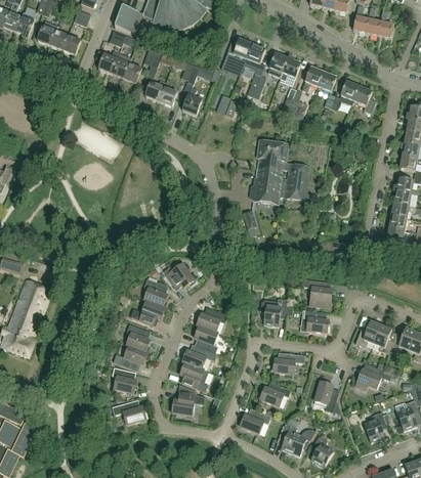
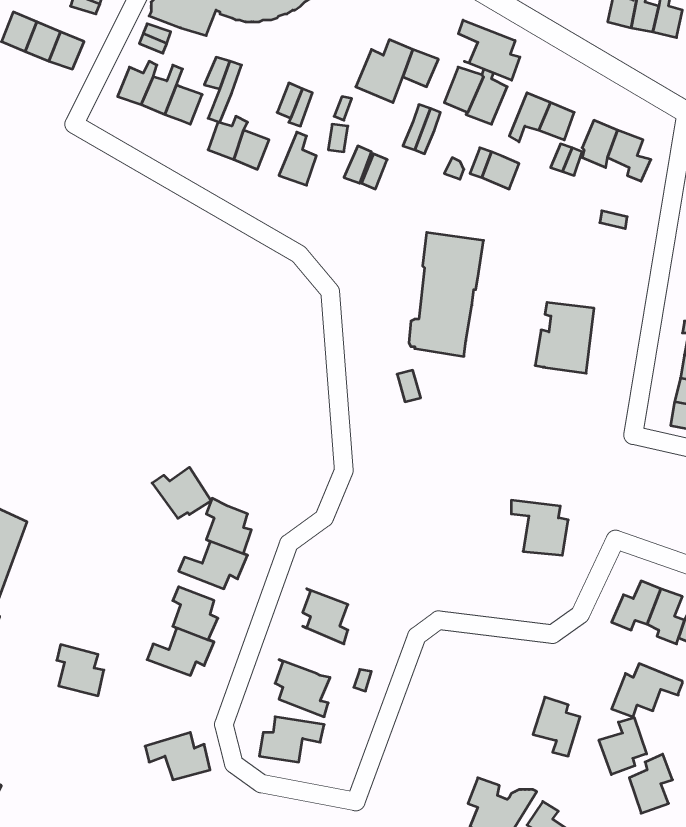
building: none -> [458,20,520,80]
building: [280,163,310,200] -> [535,302,594,373]
building: [164,262,195,289] -> [152,467,211,518]
building: [260,298,288,325] -> none
building: [197,307,227,333] -> none
building: [303,309,329,332] -> none
building: [182,344,218,368] -> none
building: [273,351,305,374] -> none
building: [113,366,137,393] -> [57,645,104,696]
building: [260,382,291,405] -> none
building: none -> [599,717,647,775]
building: [241,407,271,433] -> none

